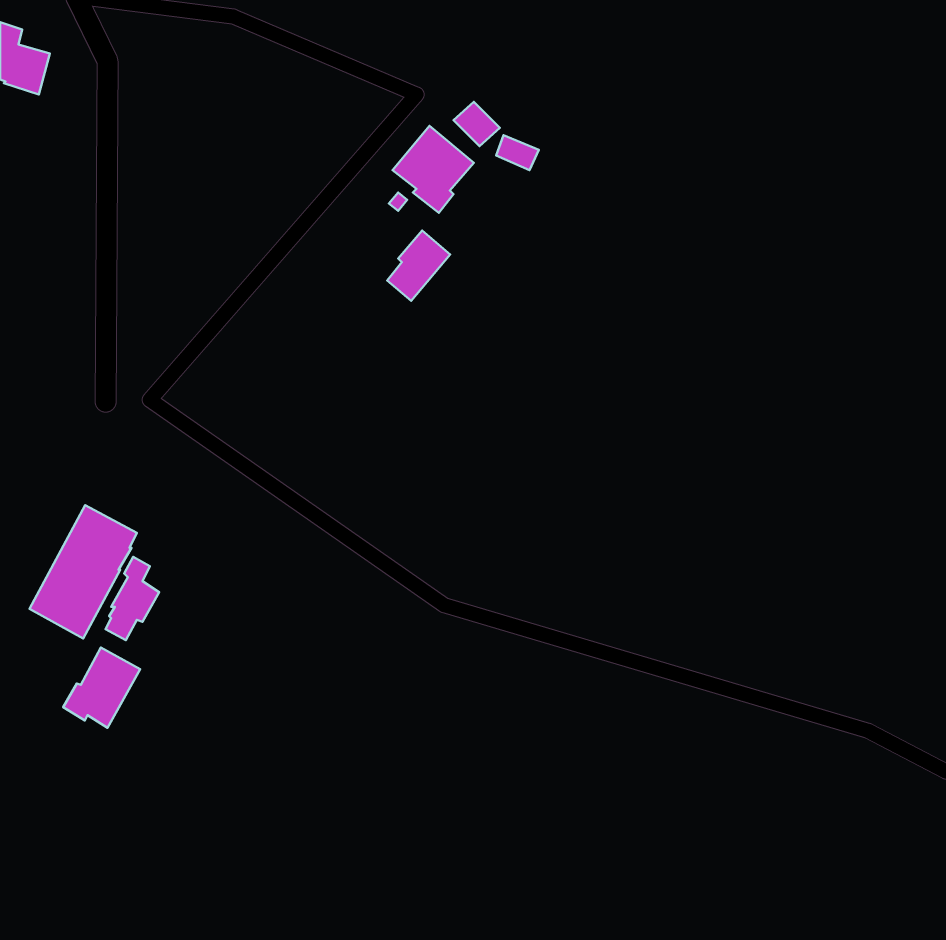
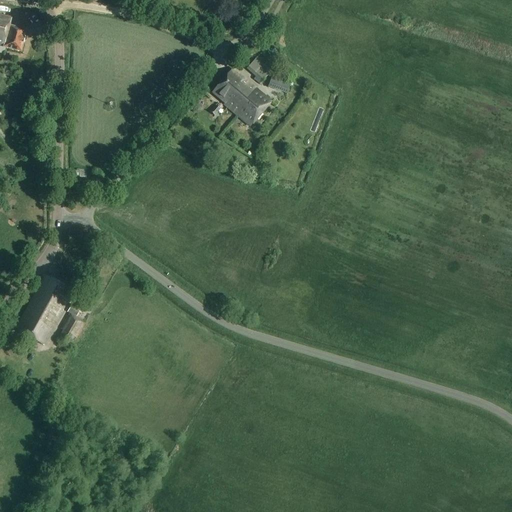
building: [387,231,450,301] -> [237,88,271,126]
building: [63,647,140,728] -> none

